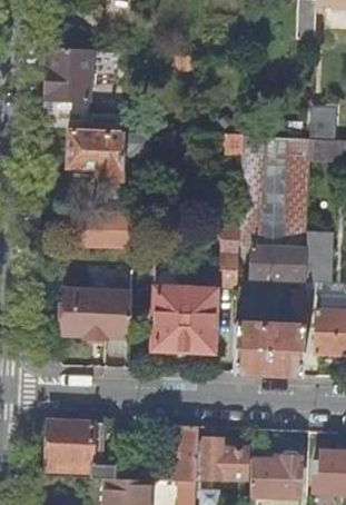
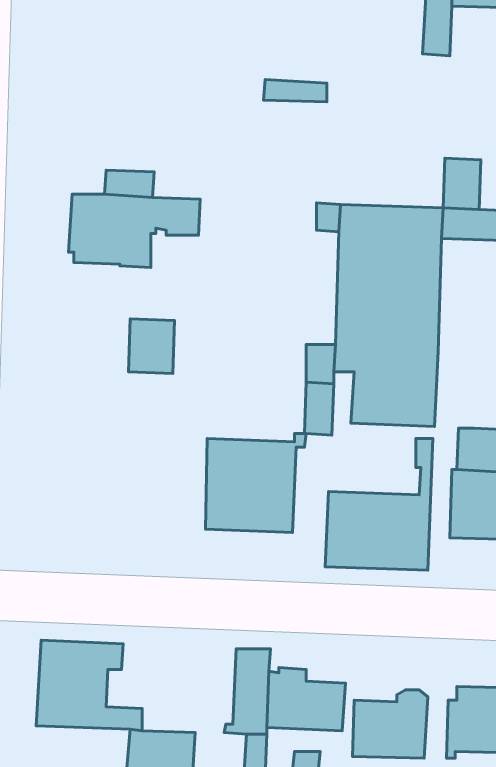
building: [46,50,92,101] -> none
building: [305,232,333,283] -> none
building: [65,290,132,339] -> none

